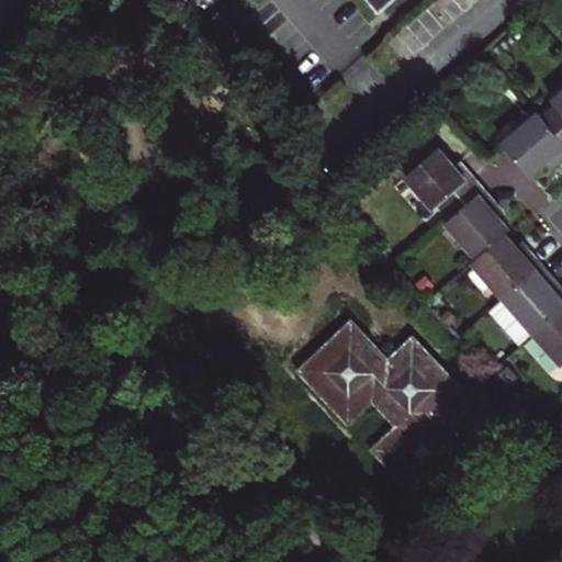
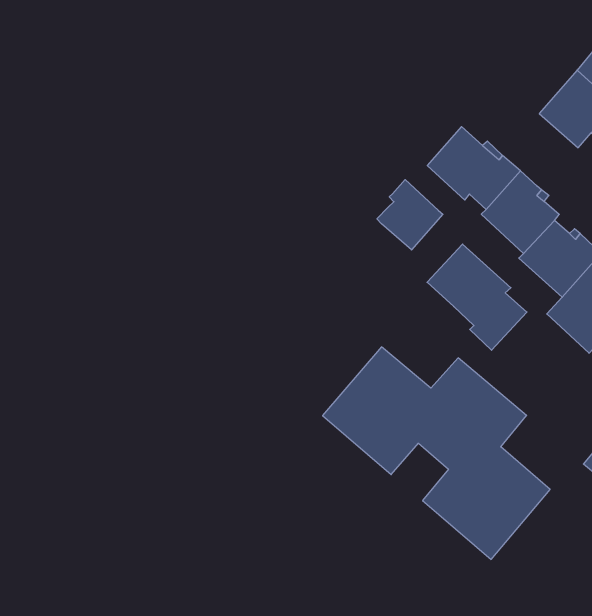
building: none -> [377,180,443,250]
building: none -> [427,244,527,350]

